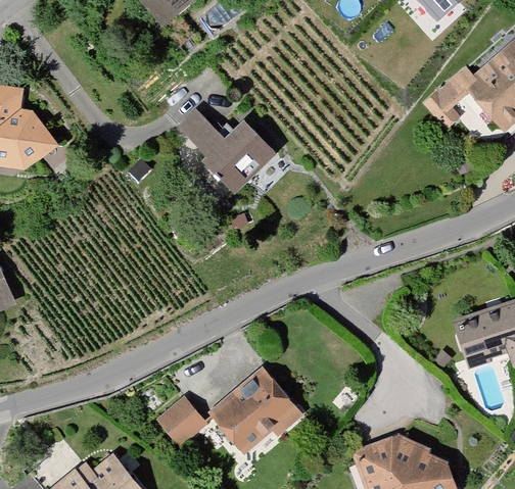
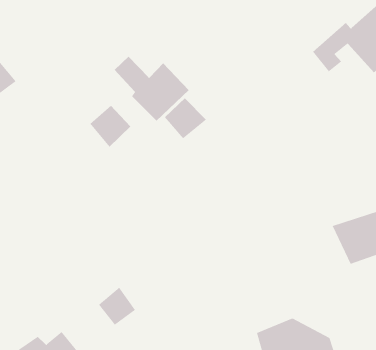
building: none -> [164,97,207,139]
building: none -> [89,105,131,148]
building: [208,369,300,456] -> none

